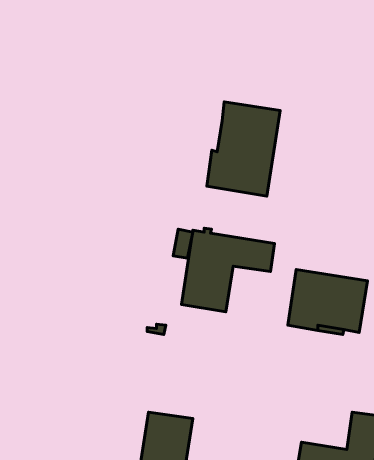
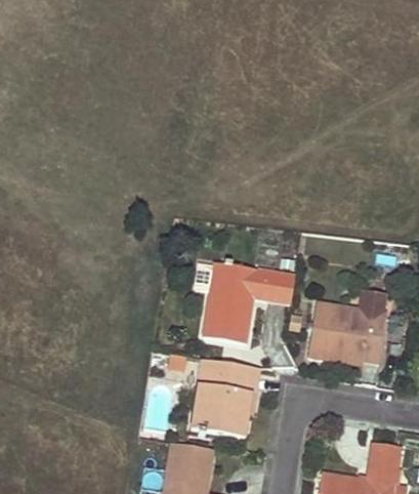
building: [207,102,280,196] -> none
building: none -> [192,359,261,439]

